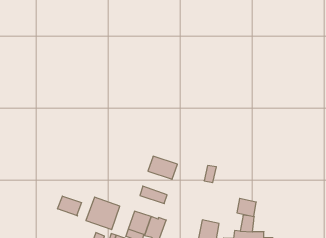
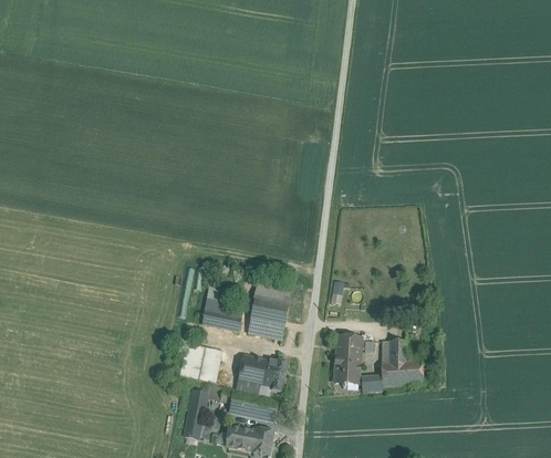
building: none -> [202,300,243,330]
building: none -> [250,298,289,326]
building: [58,196,81,216] -> none
building: [237,198,256,217] -> [336,334,361,356]

